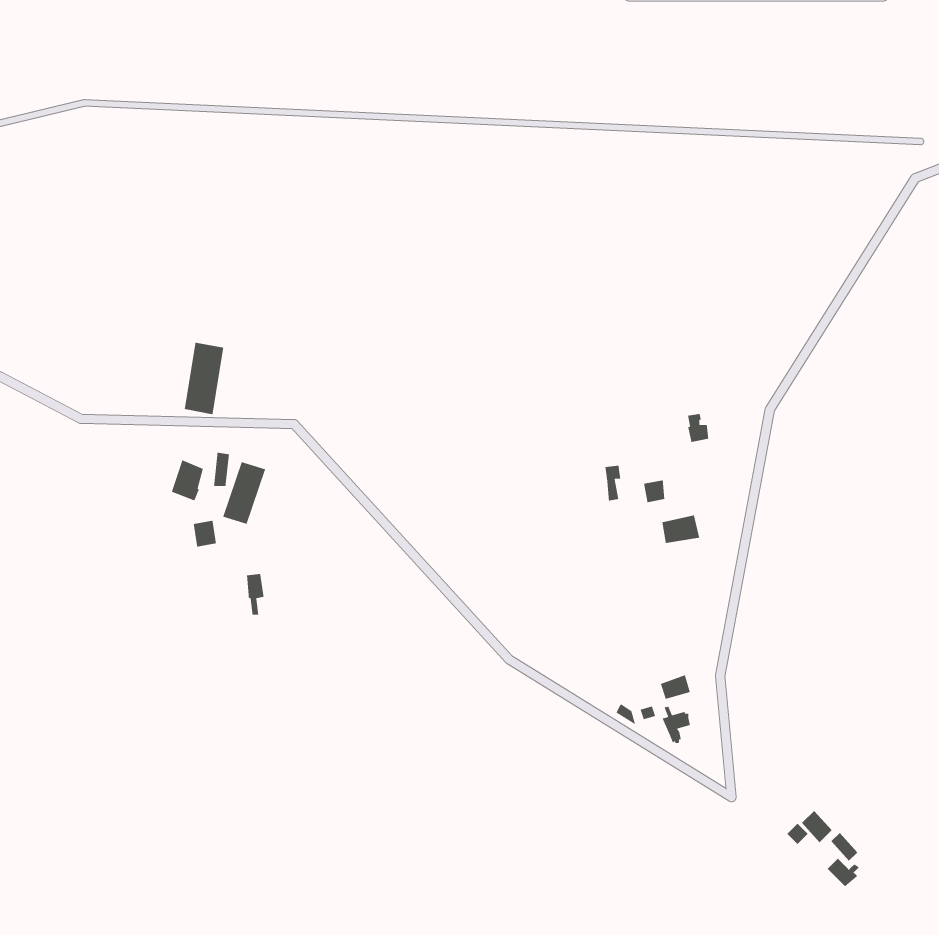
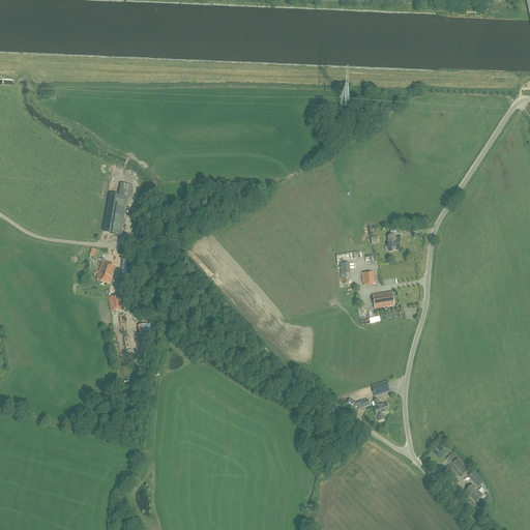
building: [222,461,266,525] -> none

